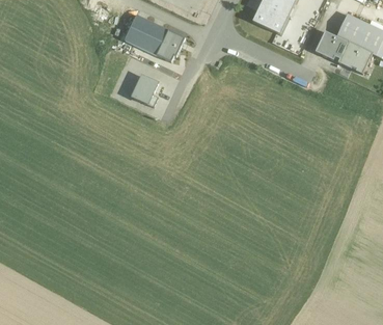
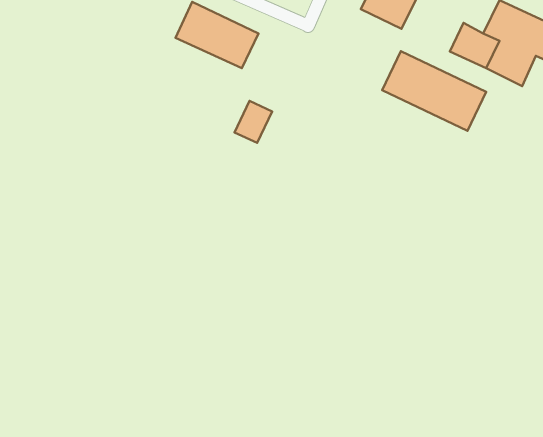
building: none -> [382,51,486,131]
building: [131,75,157,104] -> [235,101,272,143]

